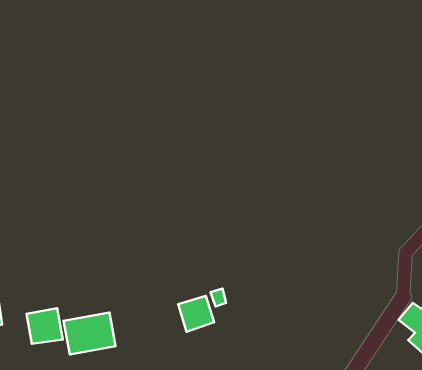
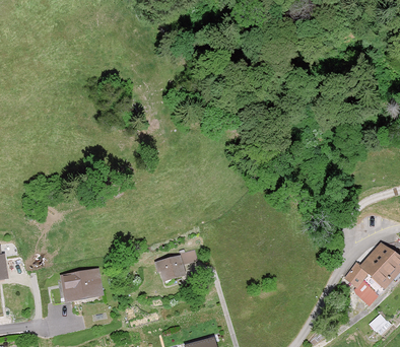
building: [27,308,63,344] -> none

